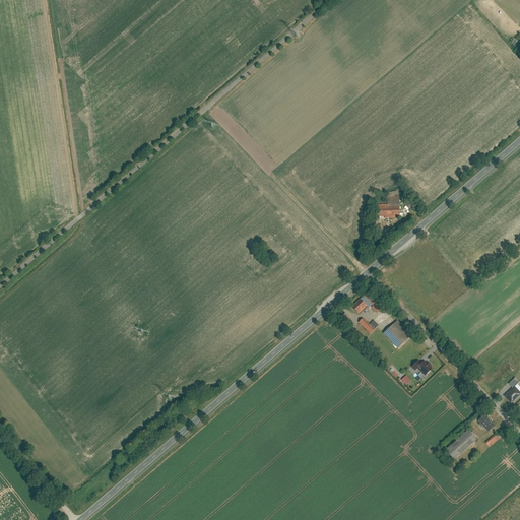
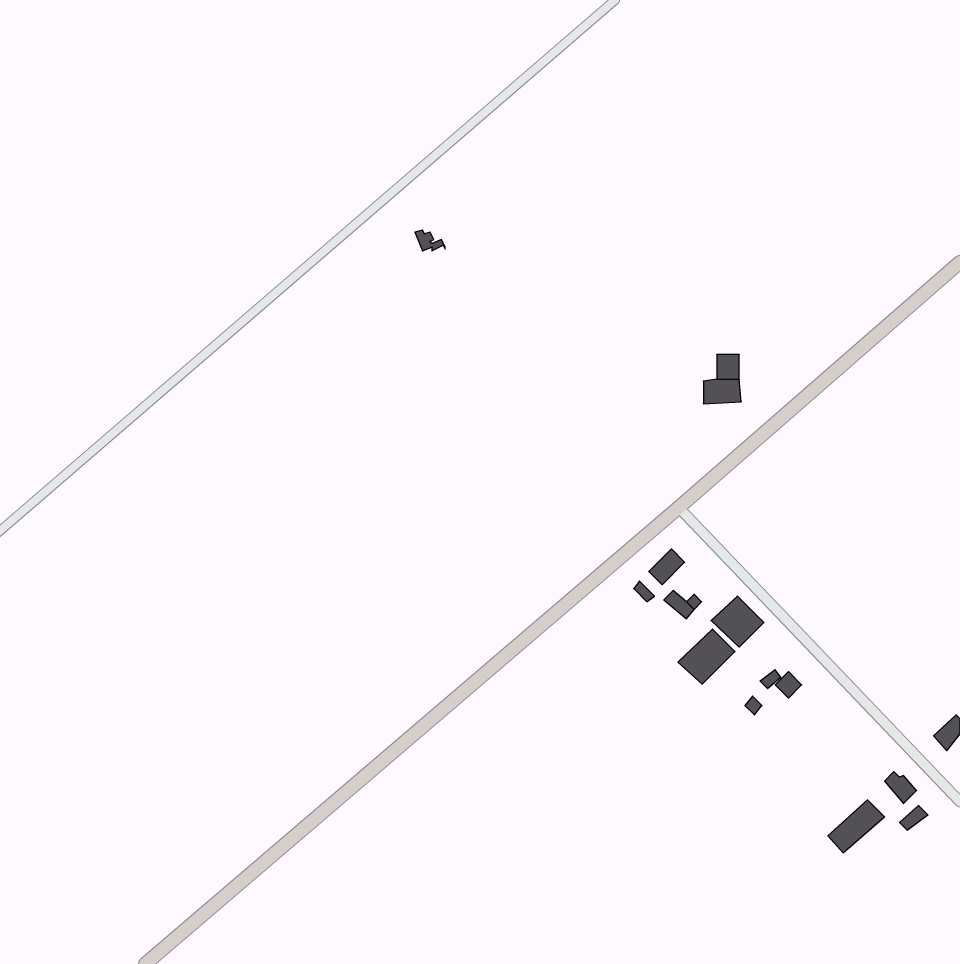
building: none -> [678,629,735,684]

